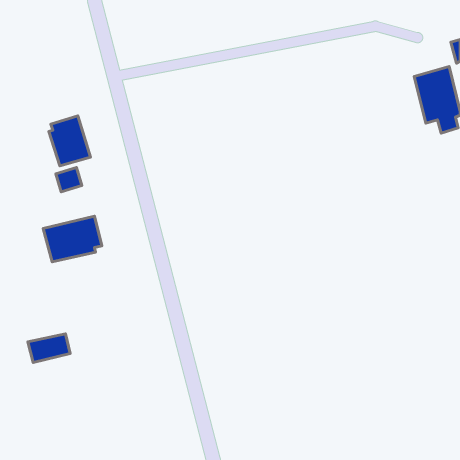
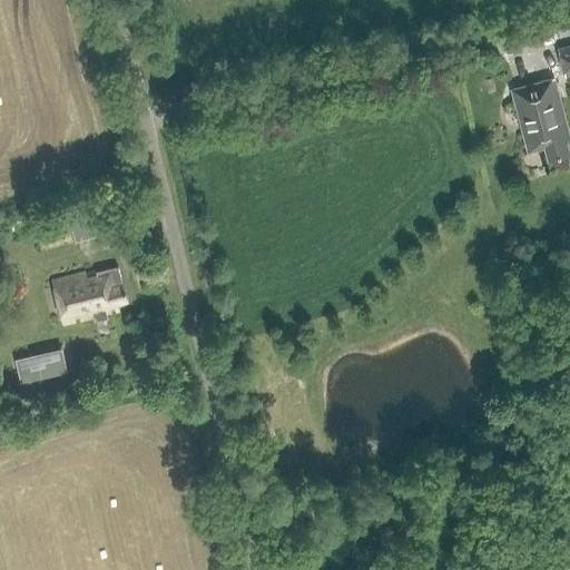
building: [49,116,91,166] -> none
building: [28,334,70,363] -> [16,344,68,380]

